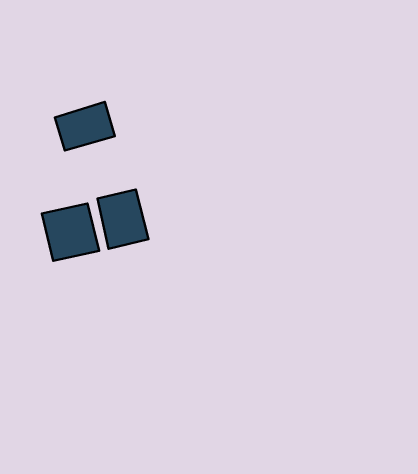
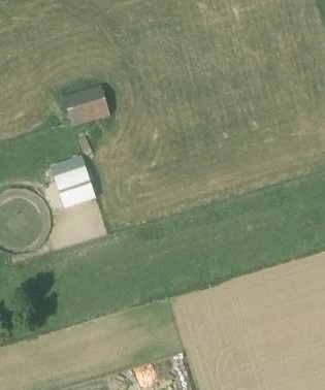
building: [98,190,148,249] -> none

